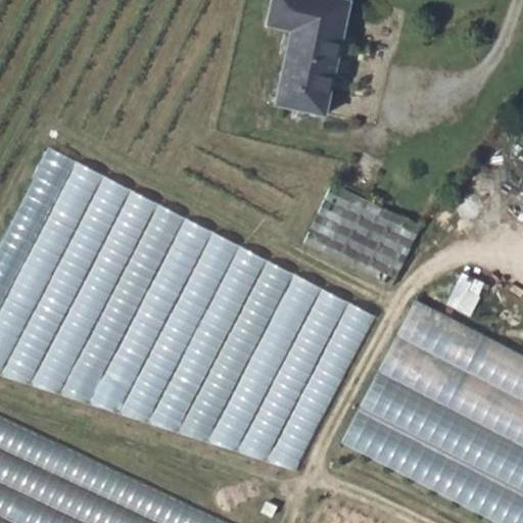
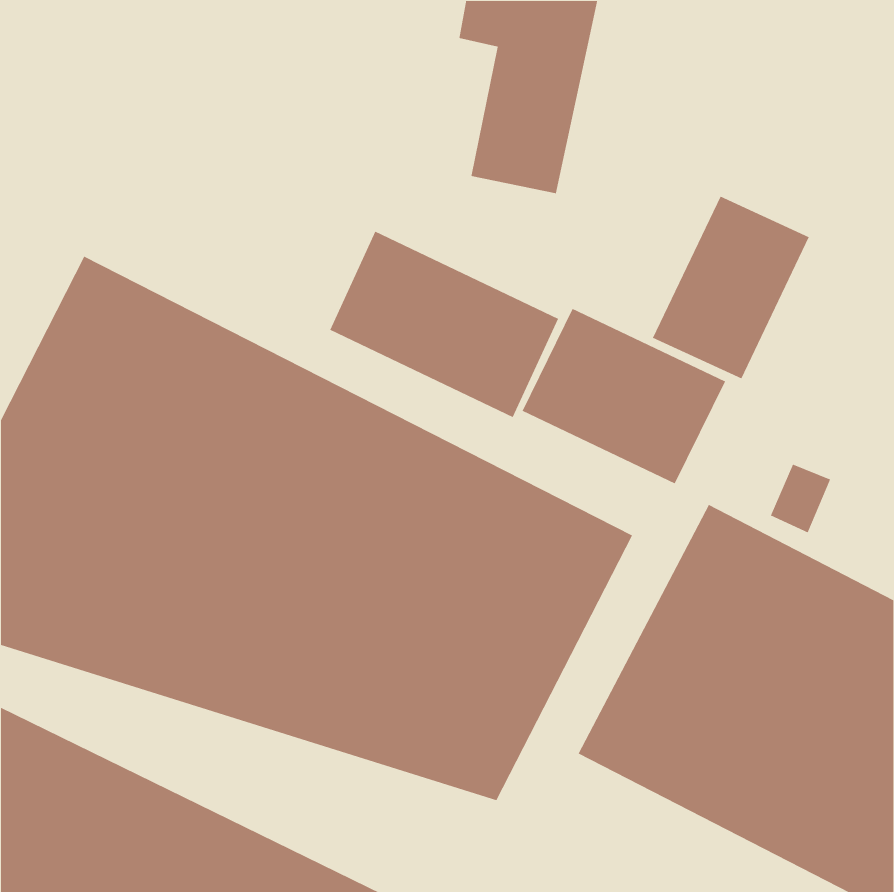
building: none -> [652,195,810,379]
building: none -> [329,231,559,418]

